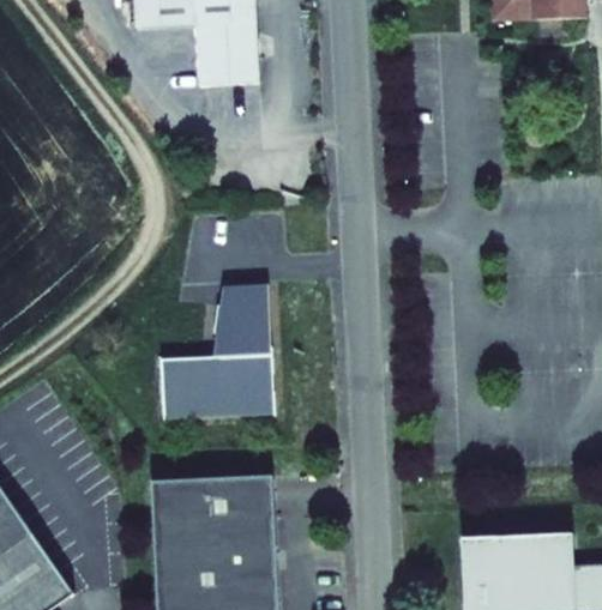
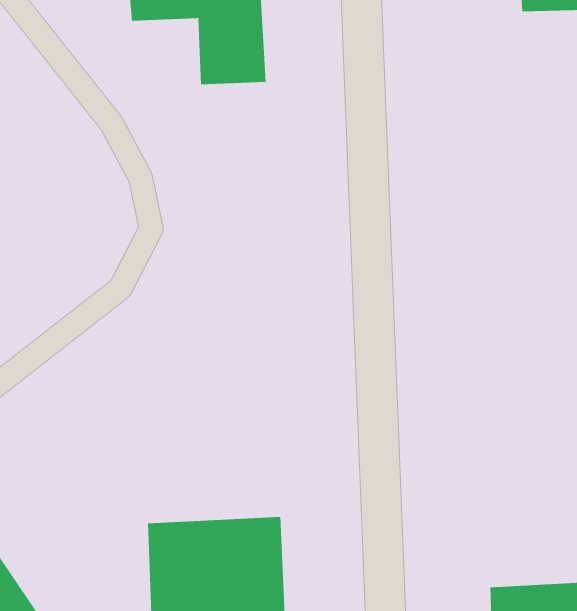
building: [159,284,275,421] -> none

